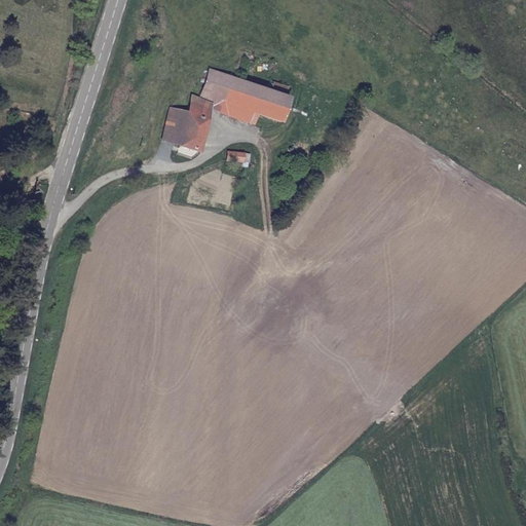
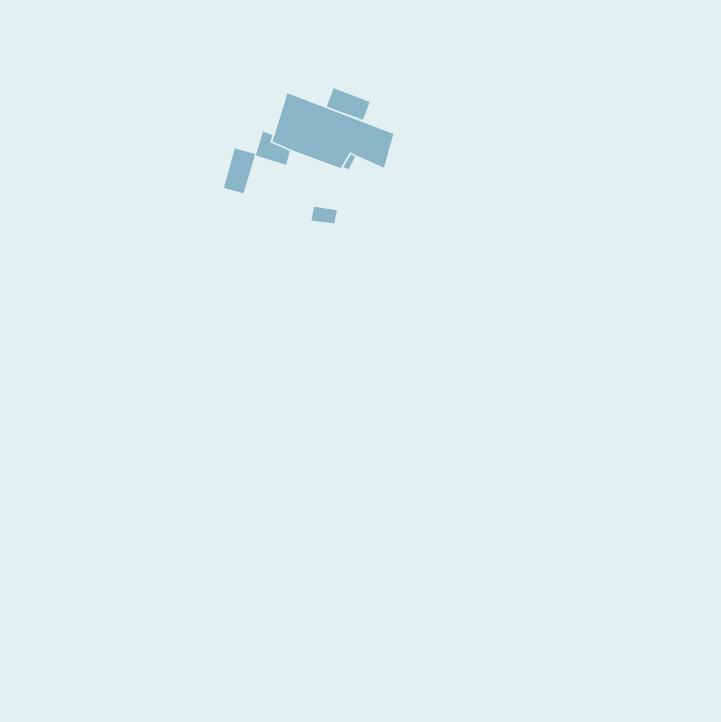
building: none -> [326,87,371,121]
building: [178,113,211,154] -> none

